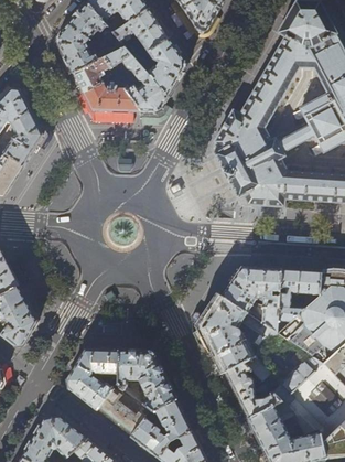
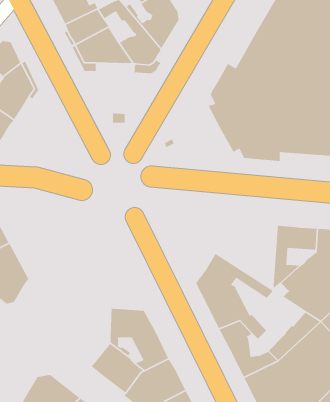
building: [219,266,280,332] -> none
building: [65,348,117,409] -> none

